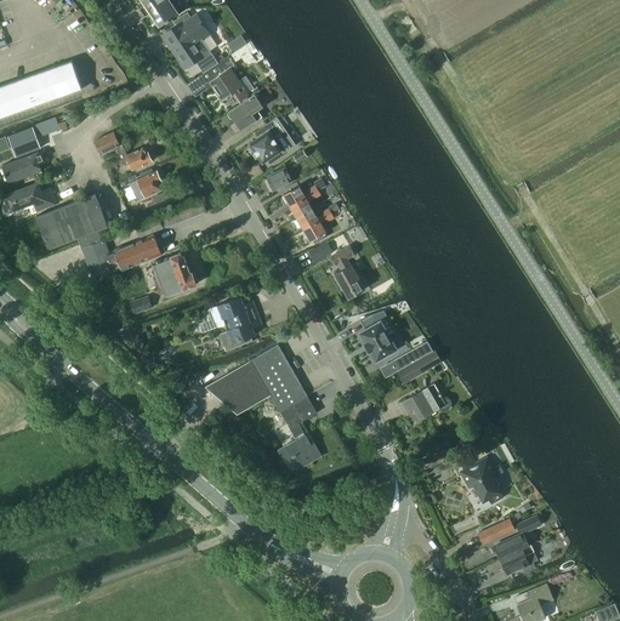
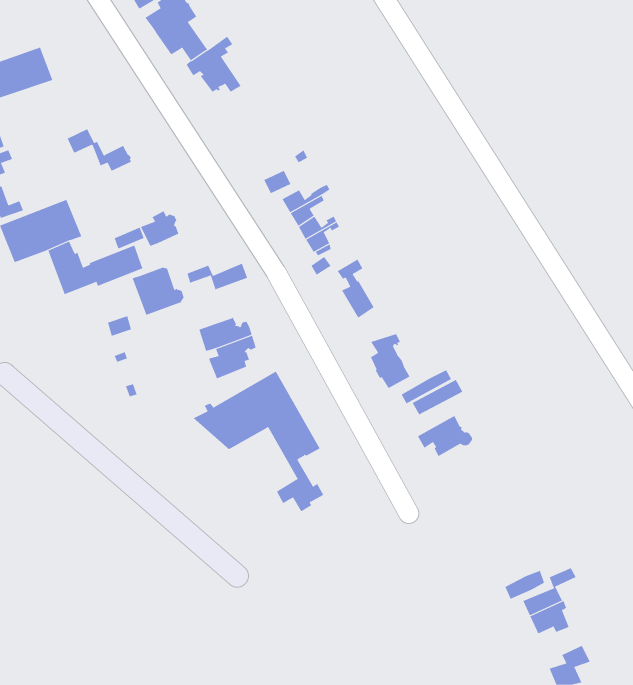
building: [228,95,262,135] -> none
building: [250,120,294,163] -> none
building: [130,167,164,199] -> [140,210,179,246]
building: none -> [187,263,248,290]
building: [461,457,502,502] -> none

